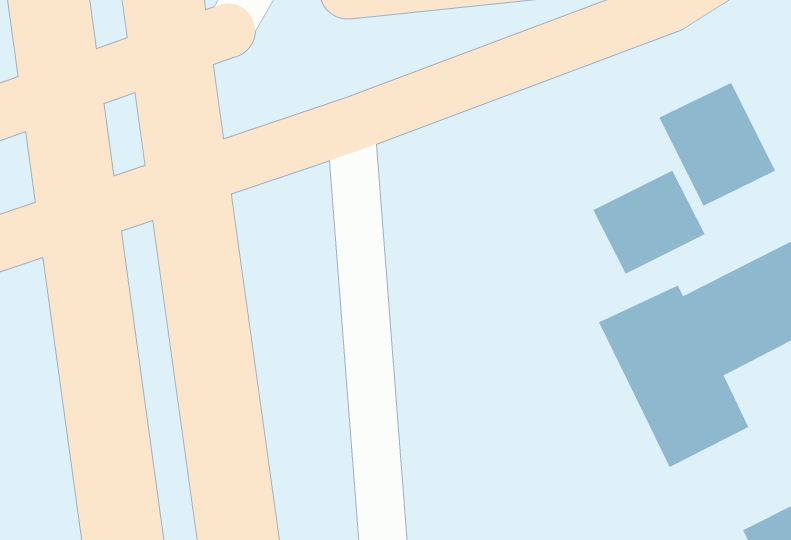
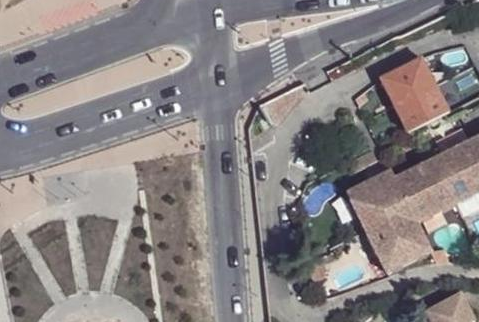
building: [592,170,705,274] -> none

